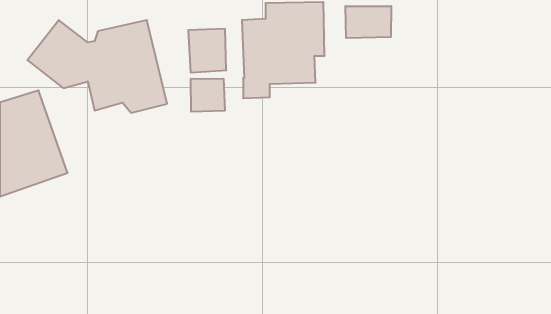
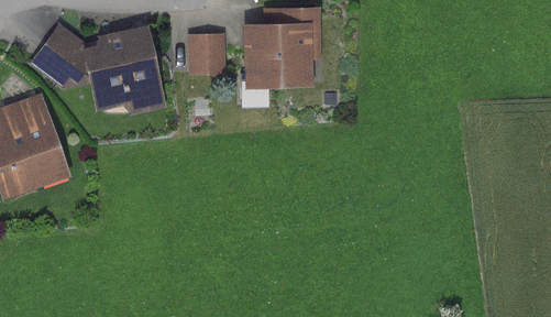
building: [345,6,391,38] -> none
building: [191,79,225,112] -> none

